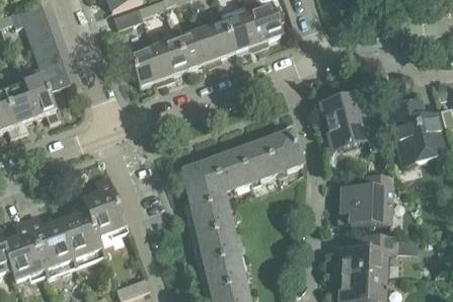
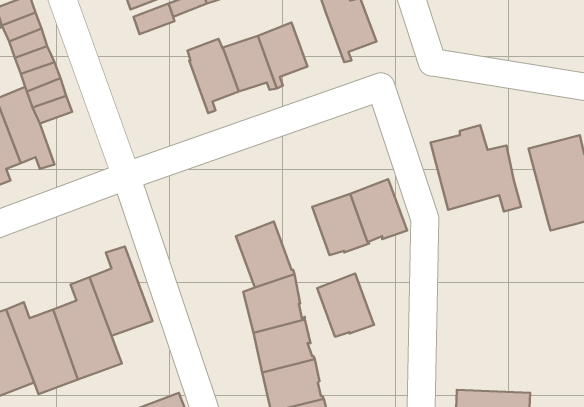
building: [223,13,259,52] -> none
building: [128,48,165,87] -> none
building: [211,149,250,193] -> [317,274,374,336]
building: [341,175,390,225] -> none
building: [337,236,393,278] -> none

